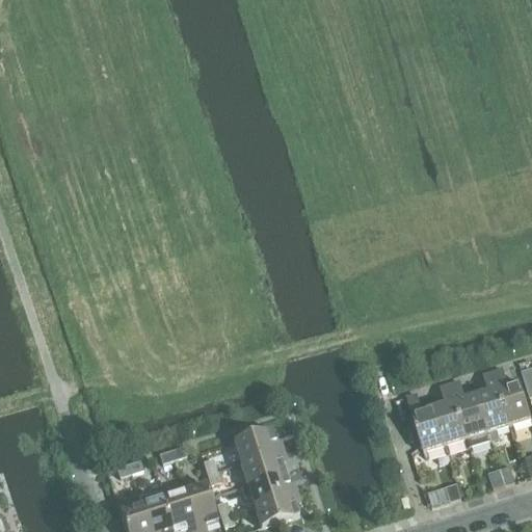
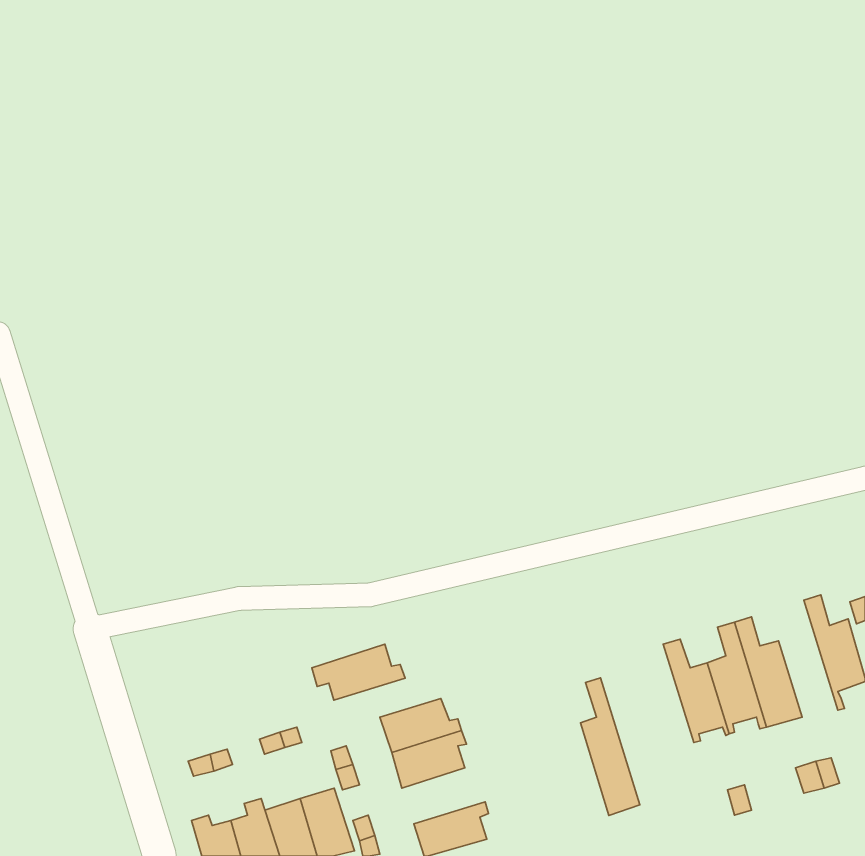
building: [477,368,513,440] -> none
building: none -> [581,678,640,815]
building: [240,471,297,505] -> [312,644,405,700]

